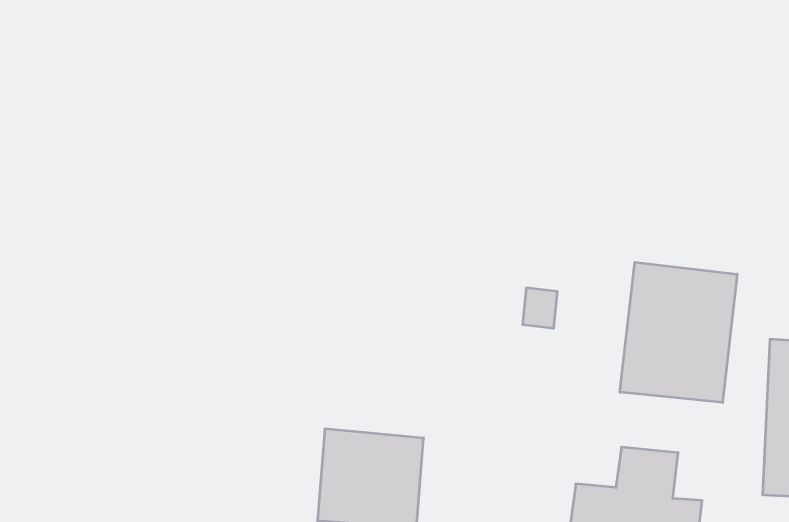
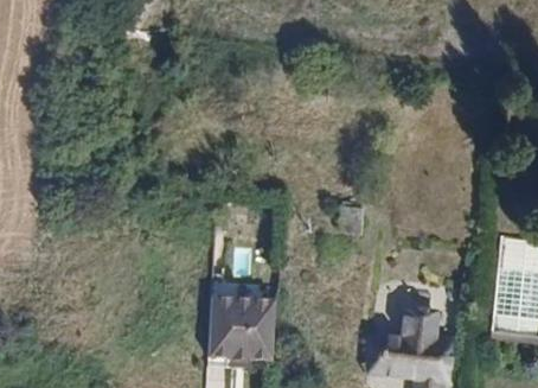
building: [620,262,737,403] -> none

